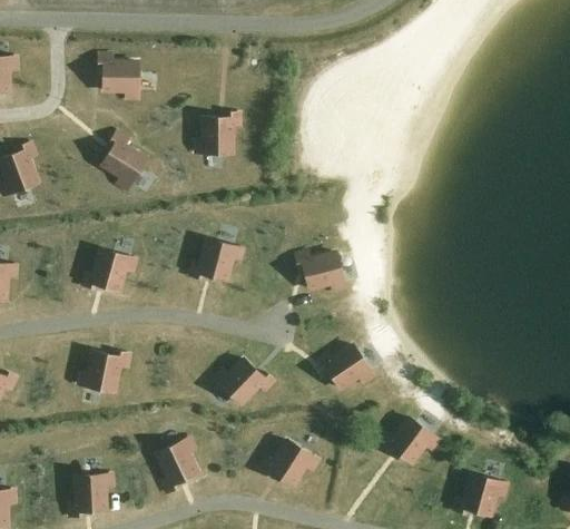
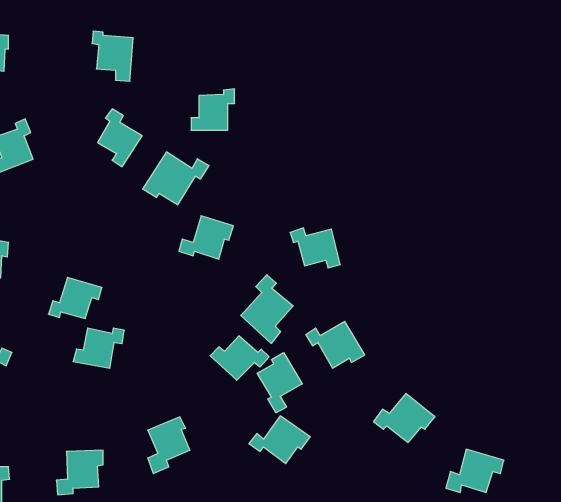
building: none -> [143,152,209,205]
building: [83,248,137,290] -> [48,277,102,319]
building: none -> [241,275,293,343]
building: none -> [257,353,302,413]

